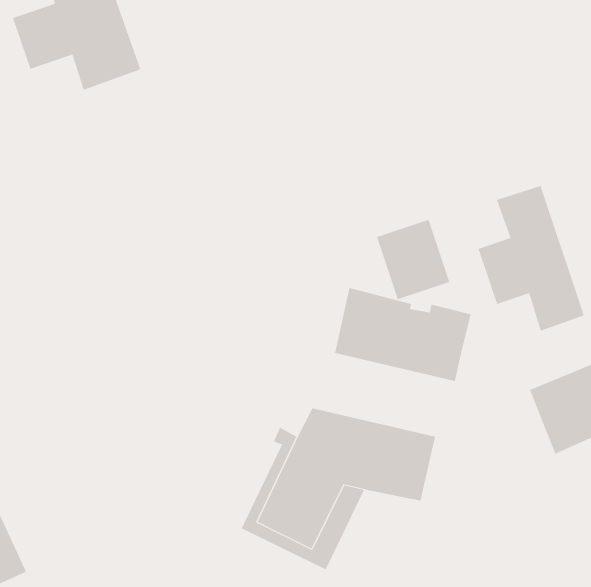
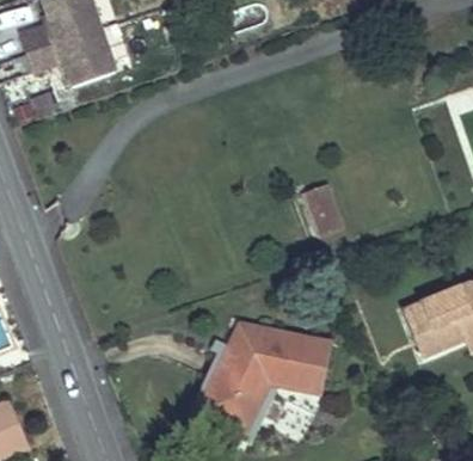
building: [478,185,584,332] -> none
building: [335,287,471,382] -> none

